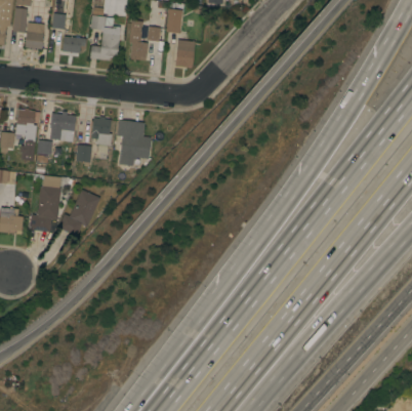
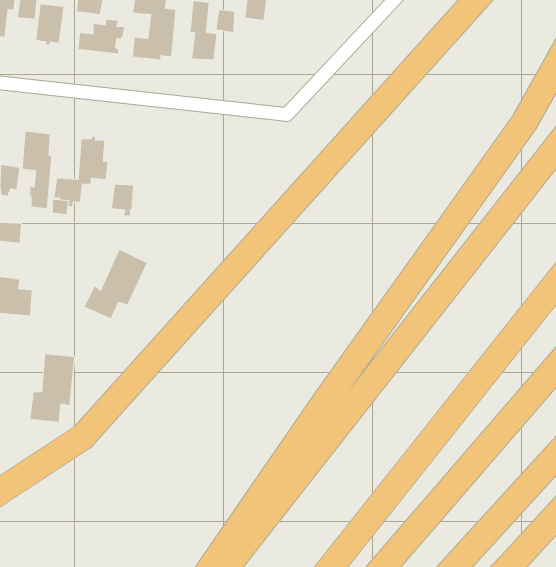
building: [175,40,195,68] -> none
building: [91,116,112,146] -> none
building: [116,120,151,165] -> none
building: [30,186,60,232] -> [29,354,75,422]

